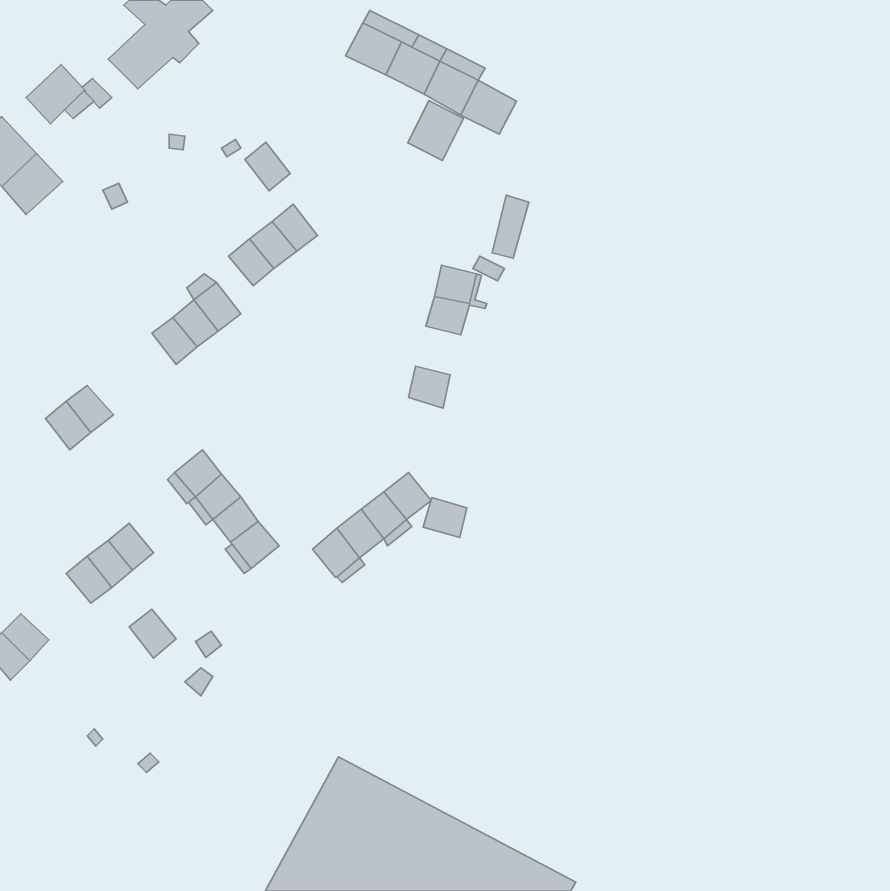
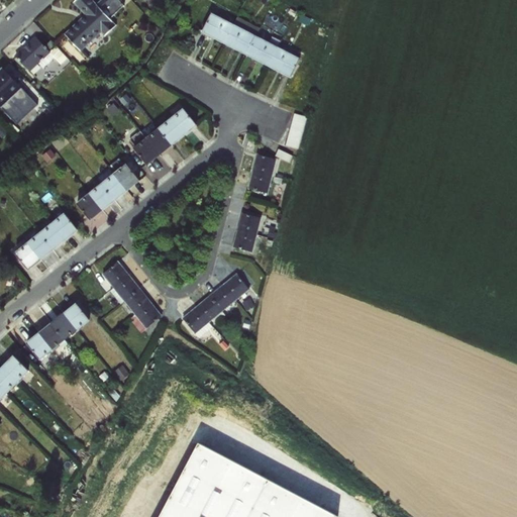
building: [408,101,464,161] -> none
building: [245,142,290,191] -> [170,108,196,136]
building: none -> [75,193,102,221]
building: none -> [50,213,78,240]
building: none -> [13,242,40,271]
building: [423,497,467,538] -> [231,230,256,253]
building: [129,609,176,658] -> [25,332,53,360]

